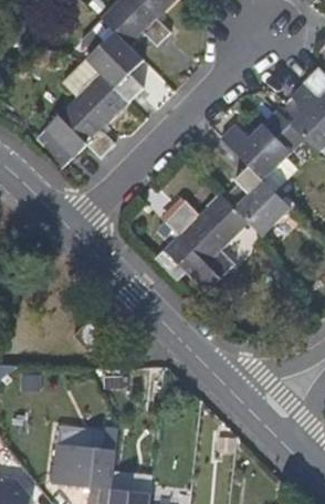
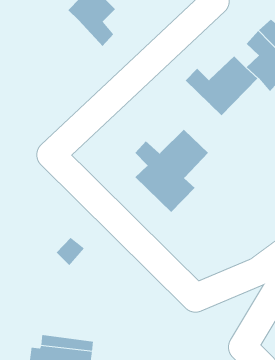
building: [30,71,127,168] -> none
building: [221,166,290,235] -> none

